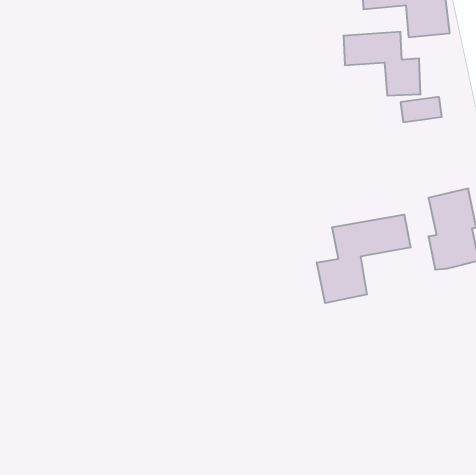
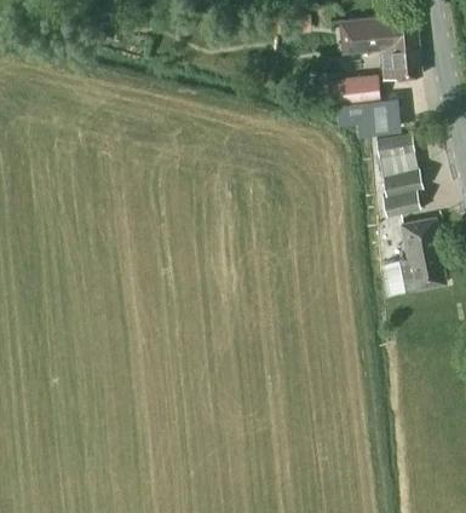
building: none -> [380,168,421,218]
building: [317,214,411,303] -> none

